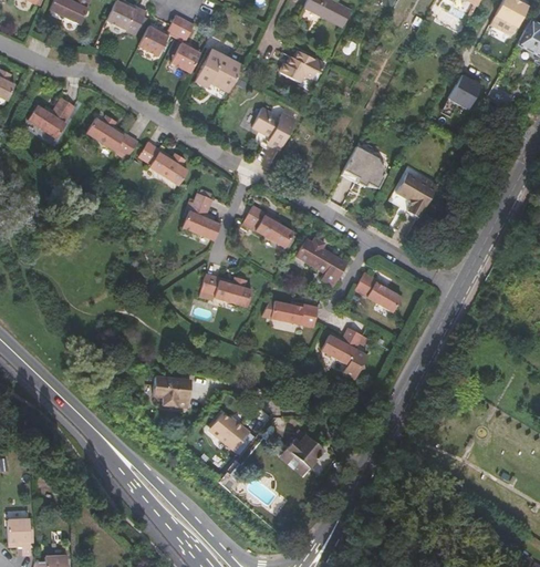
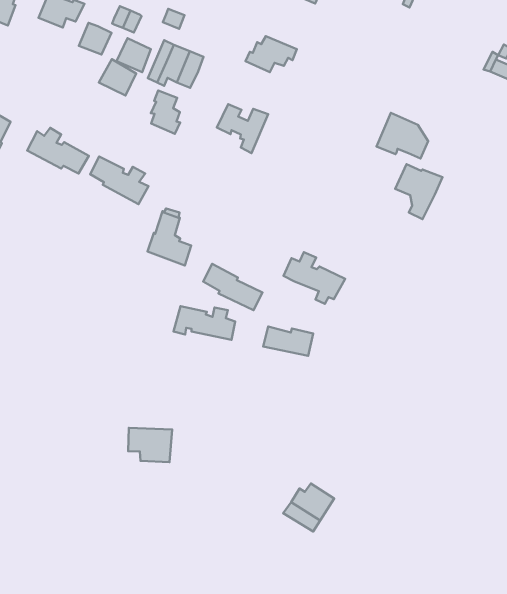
building: none -> [99,59,136,95]
building: [447,72,481,107] -> none
building: none -> [151,90,180,134]
building: [341,146,385,187] -> [377,113,428,159]
building: [245,205,294,247] -> [203,264,263,310]
building: [355,270,402,310] -> none
building: [321,329,368,380] -> none
building: [212,412,252,451] -> none

